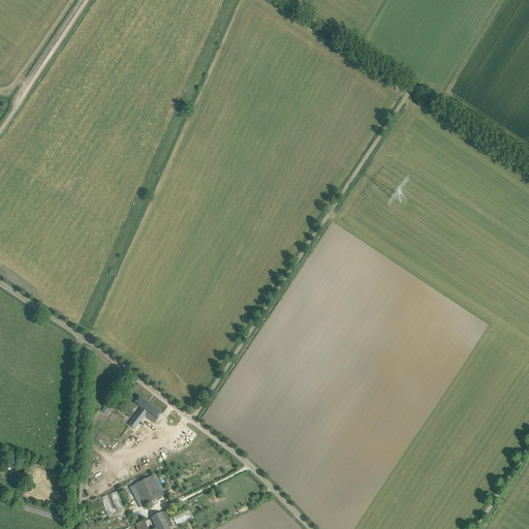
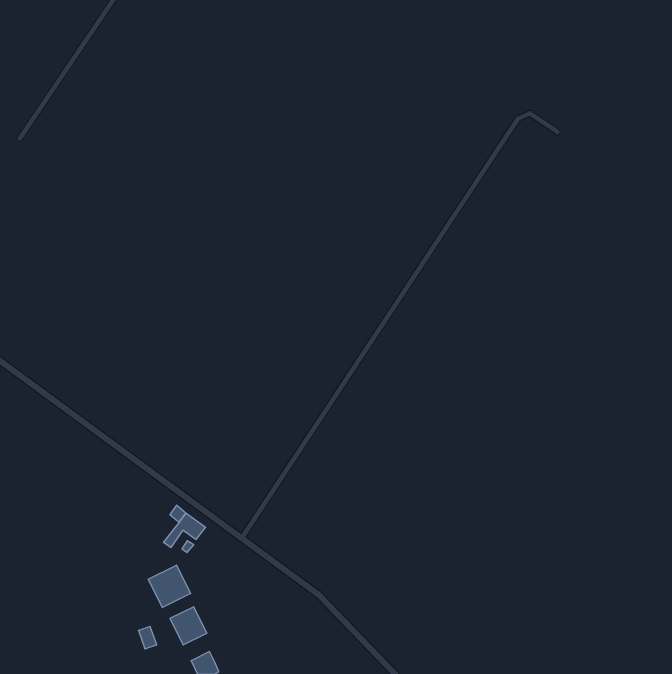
building: none -> [148,565,191,608]

